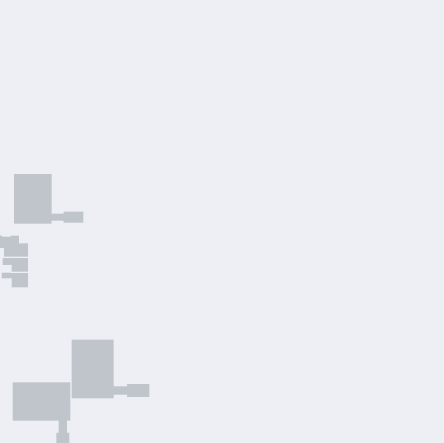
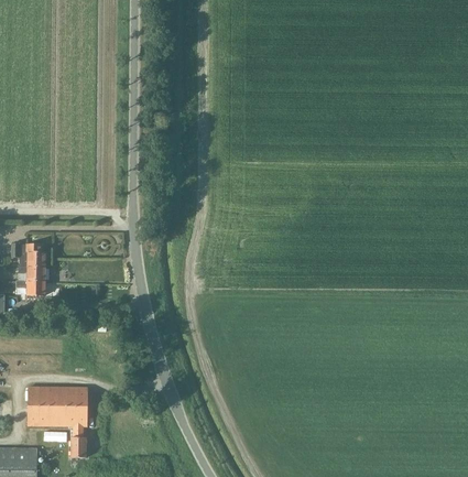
building: [14,173,84,224] -> none
building: [71,339,150,399] -> none

